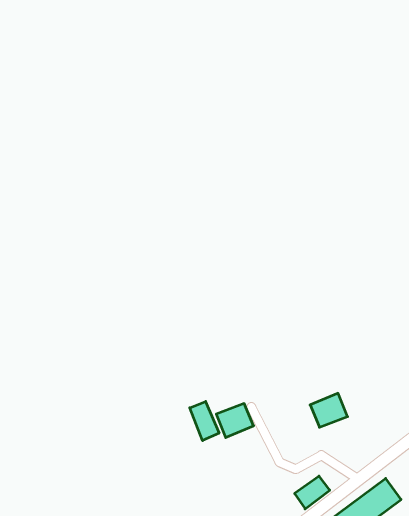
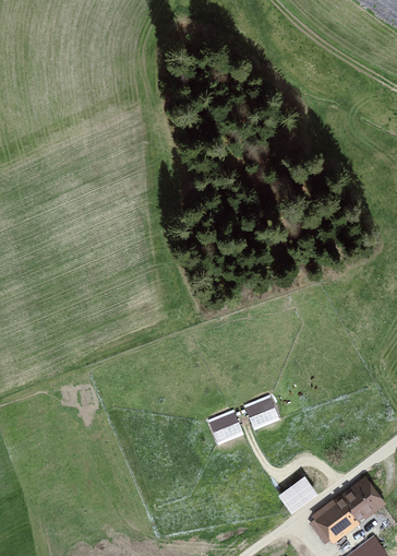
building: [310,393,348,427] -> [244,395,279,427]
building: [190,401,219,441] -> none

